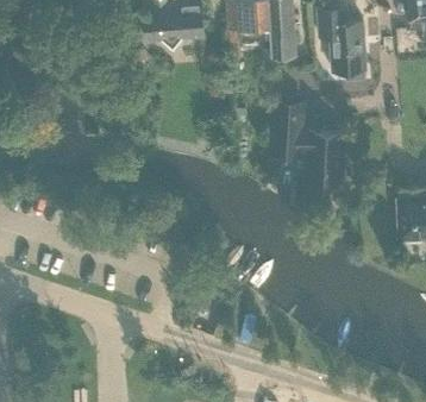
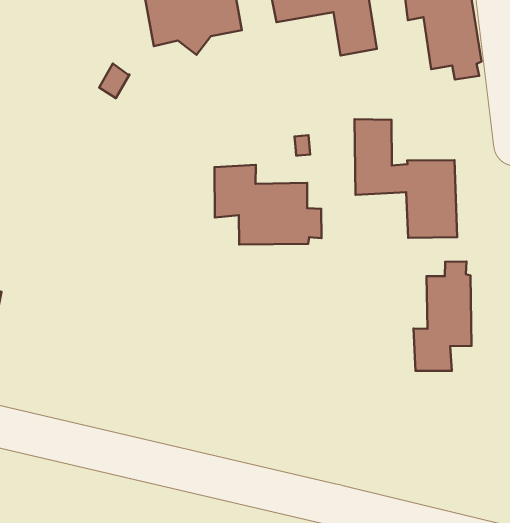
building: none -> [215,165,321,245]
building: none -> [414,262,471,371]

